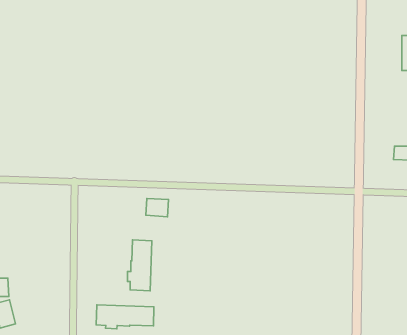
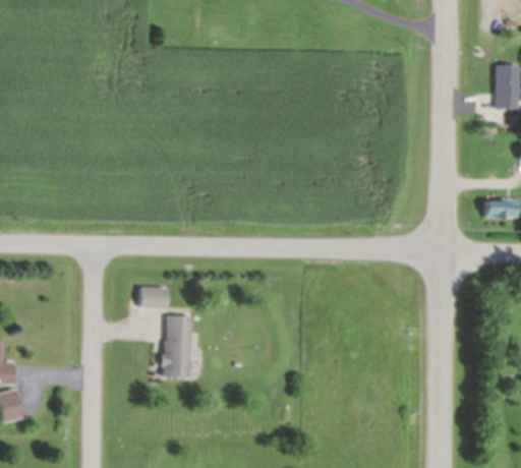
building: [146,199,168,217] -> [140,287,168,309]
building: [96,305,154,329] -> none

